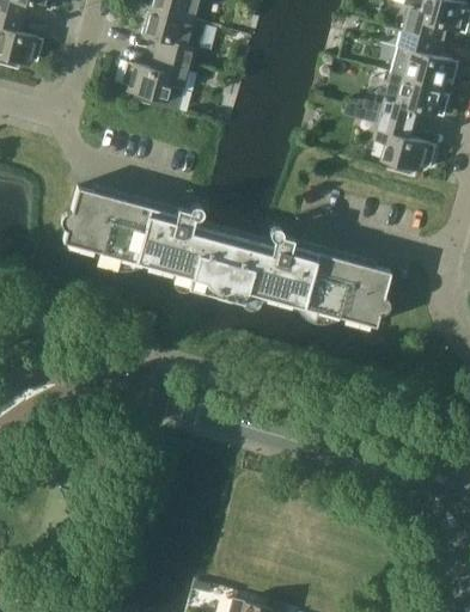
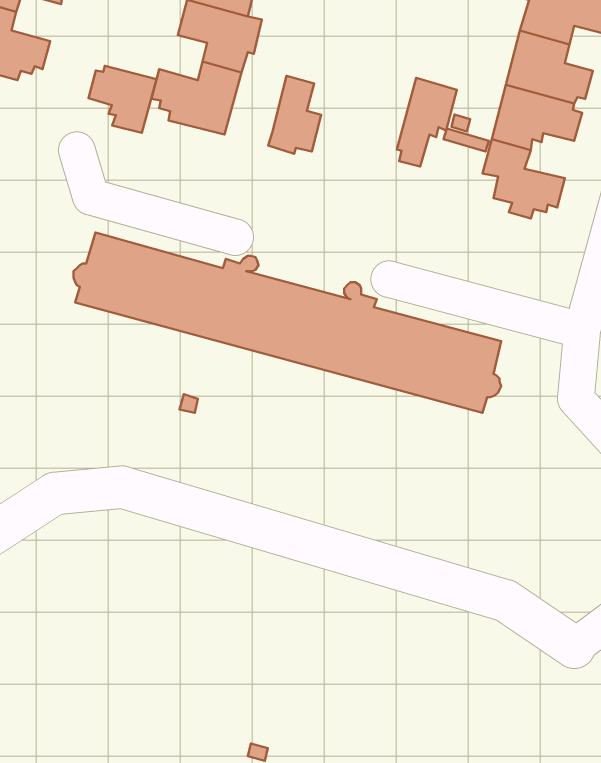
building: none -> [88,66,156,133]
building: none -> [268,76,321,154]
building: none -> [397,78,457,167]

